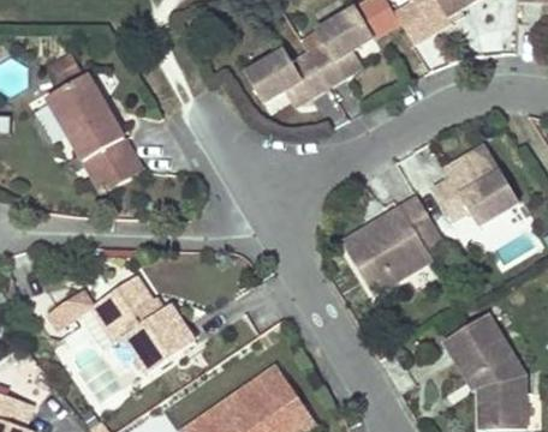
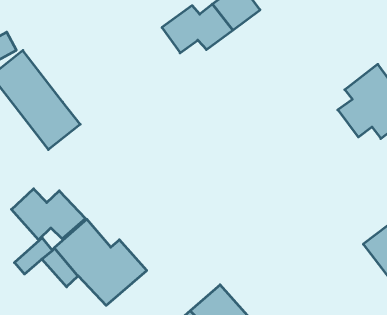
building: [340,196,437,290] -> none
building: none -> [11,189,86,240]

